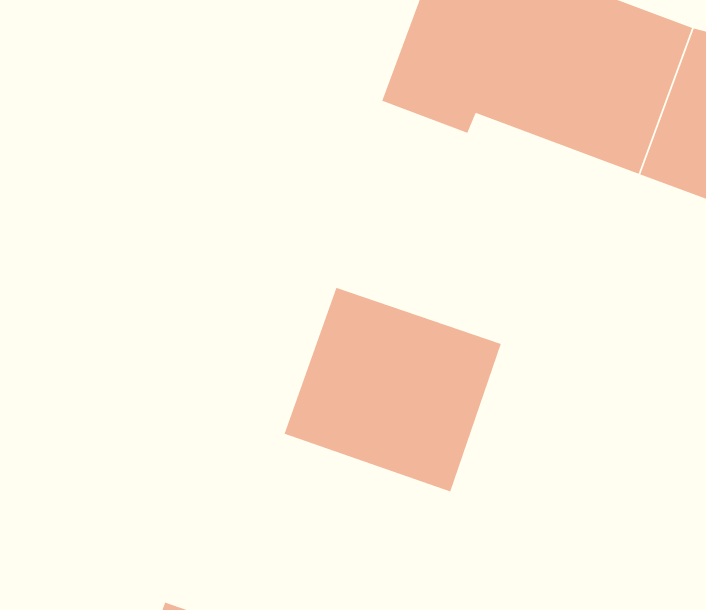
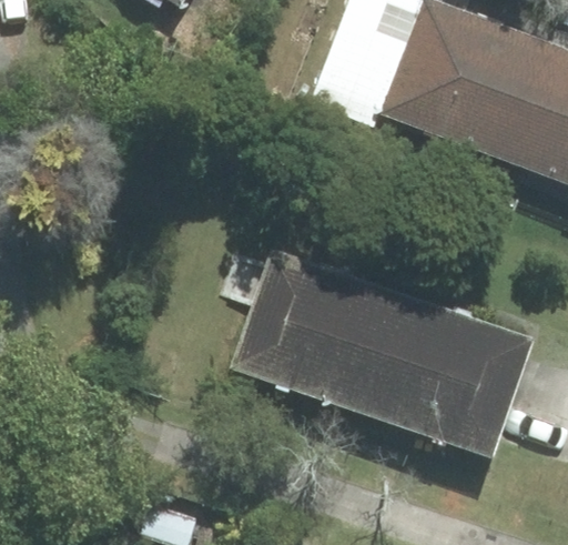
building: none -> [365,295,532,455]

